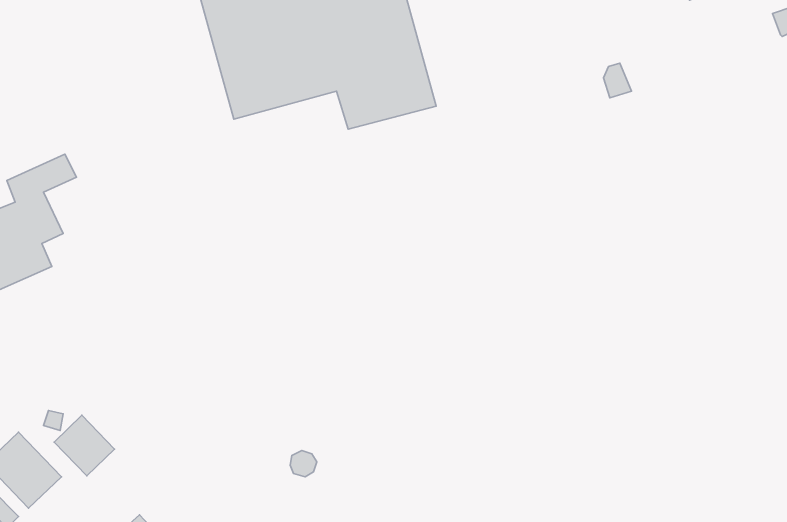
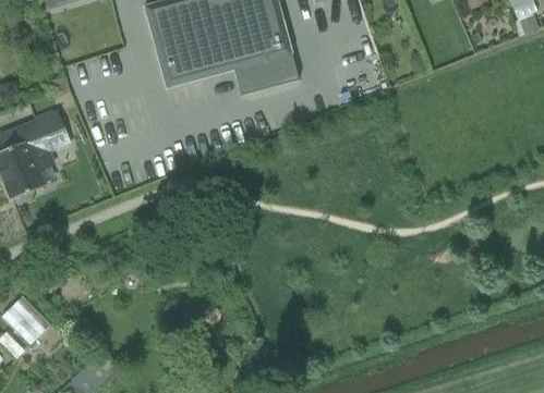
building: [54,415,114,476] -> none

